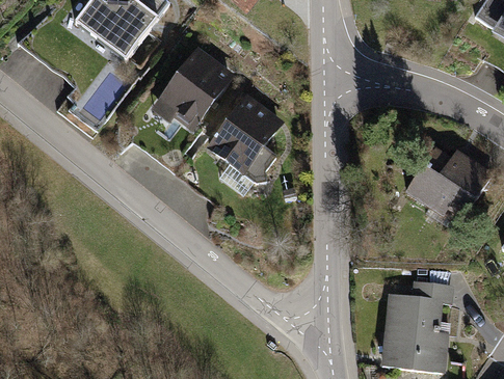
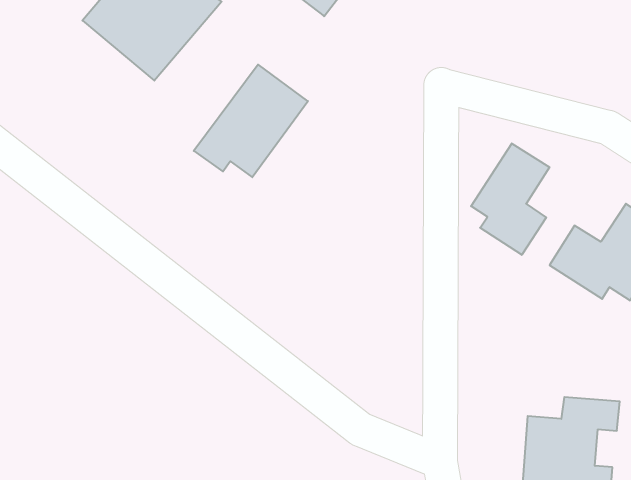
building: [207,92,285,173] -> none
building: none -> [471,143,549,255]

